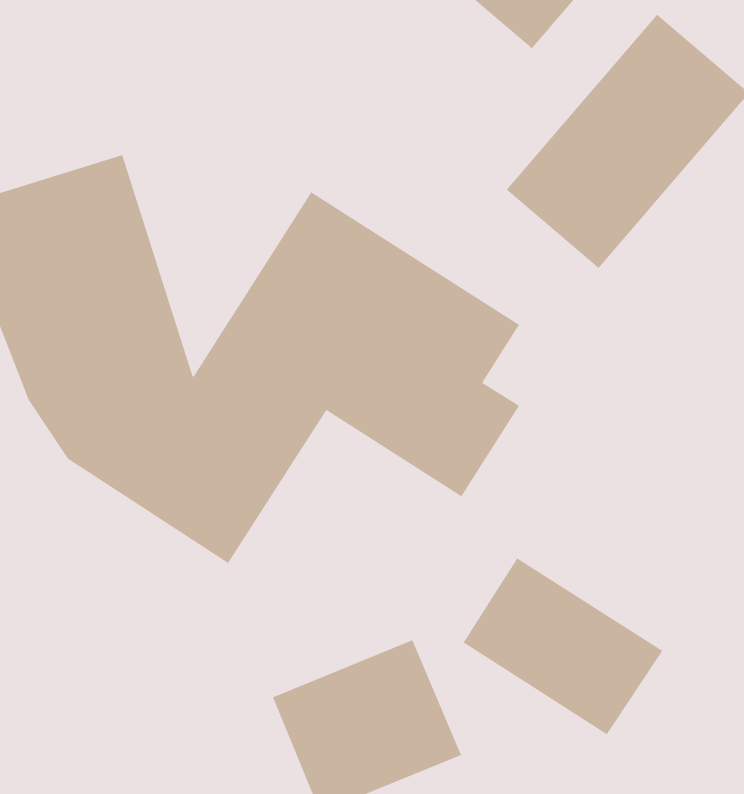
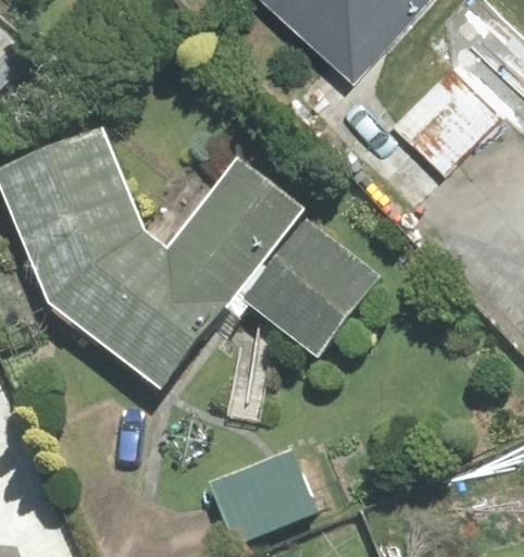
building: [463,558,663,735] -> none

